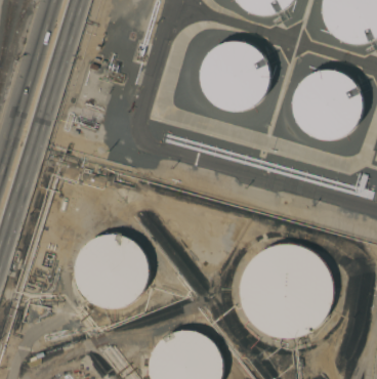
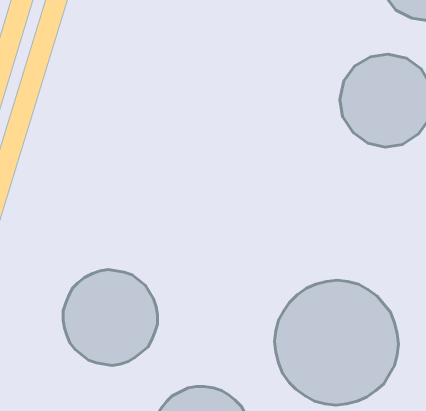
building: [201,42,269,112] -> none

